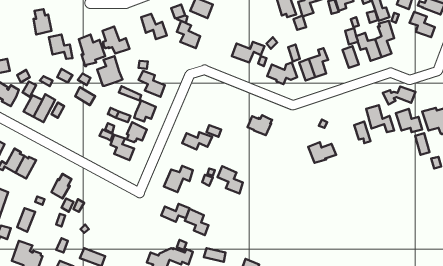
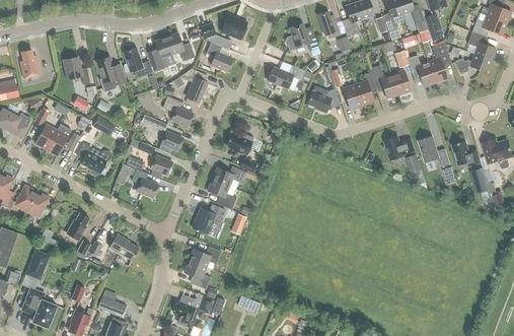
building: none -> [285,22,318,50]
building: [34,9,52,34] -> [19,50,40,78]
building: none -> [369,64,398,97]
building: none -> [180,68,207,102]
building: [97,56,123,86] -> [147,37,175,70]
building: [383,86,416,105] -> [454,53,491,73]
building: none -> [76,142,111,175]
building: [248,115,272,135] -> [226,132,253,154]
building: [308,142,336,163] -> [383,135,415,158]
building: [218,166,243,193] -> [207,178,235,208]
building: none -> [109,232,139,259]
building: [185,209,208,235] -> [183,259,210,288]

